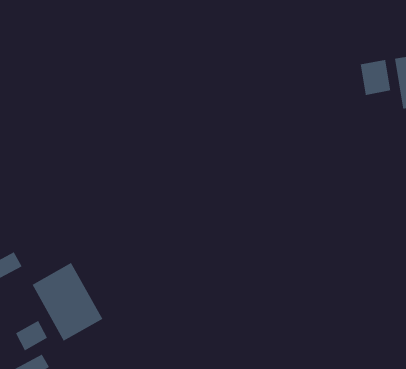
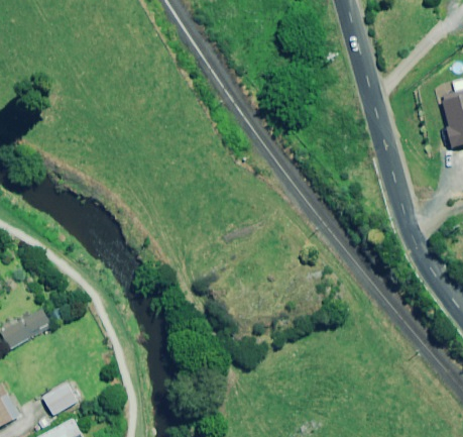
building: [360,59,391,96] -> none
building: [32,262,103,341] -> none

